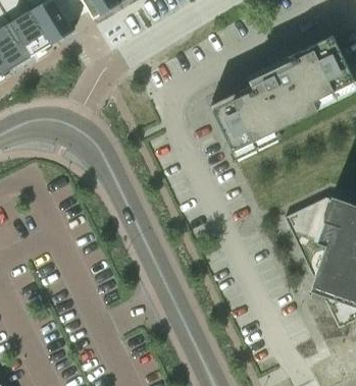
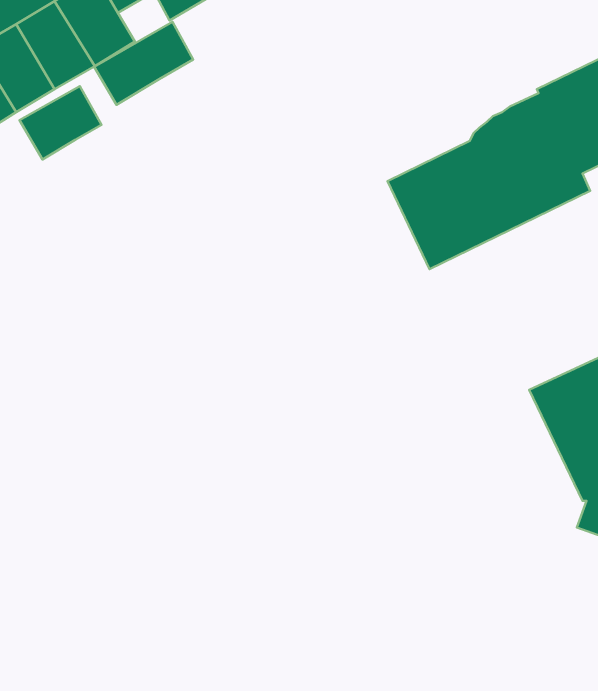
building: none -> [94,22,193,105]
building: none -> [19,86,101,160]

